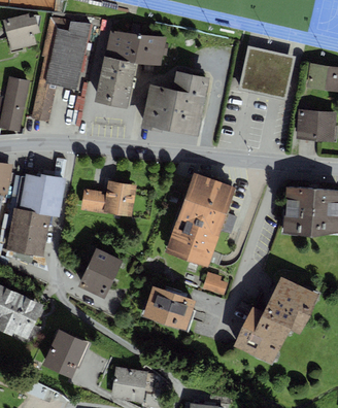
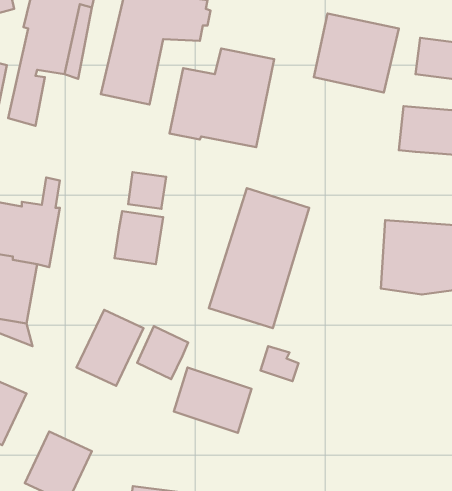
building: [80,189,106,213] -> [128,172,166,209]
building: none -> [137,326,188,379]
building: [233,276,318,366] -> none

